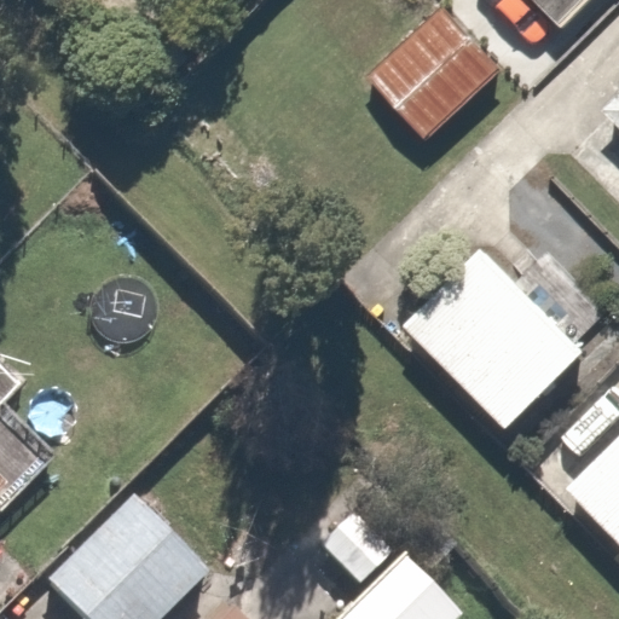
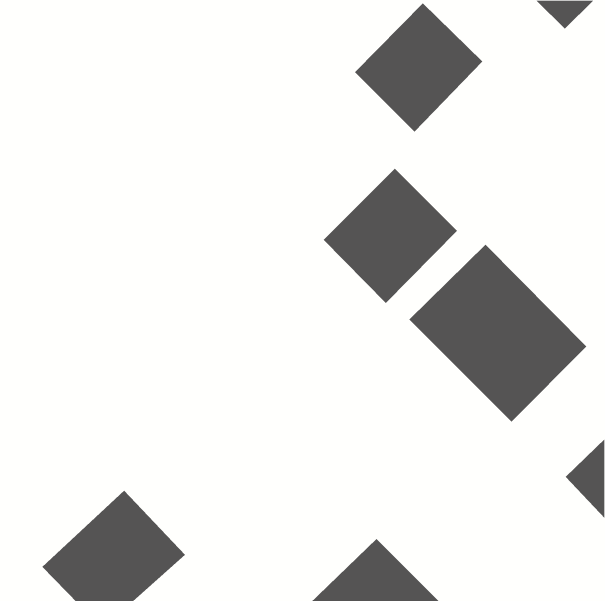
building: none -> [323,168,458,304]

